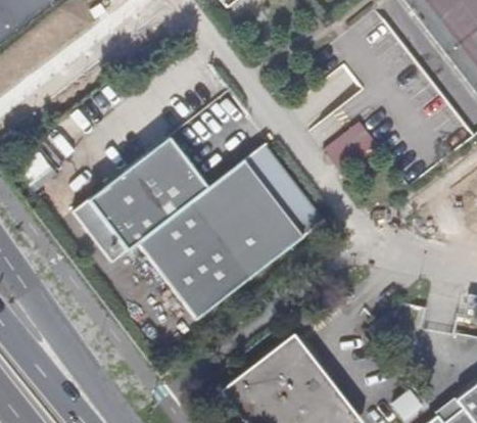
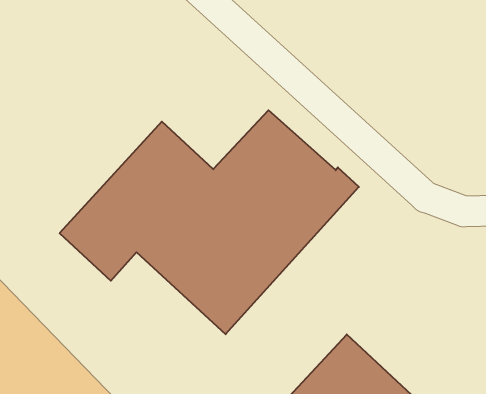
building: [324,121,376,170] -> none

